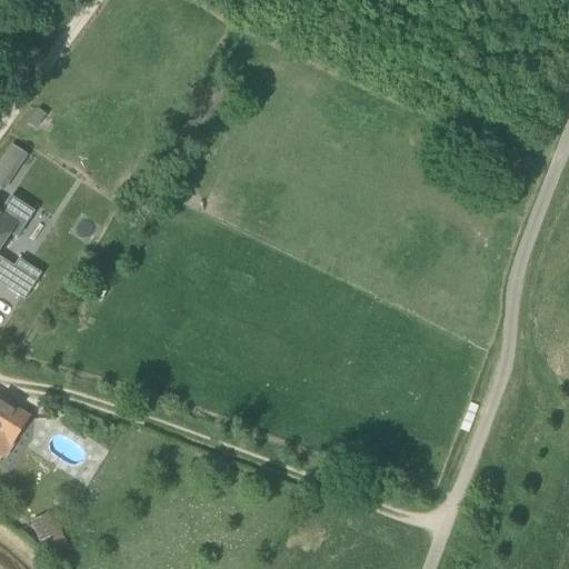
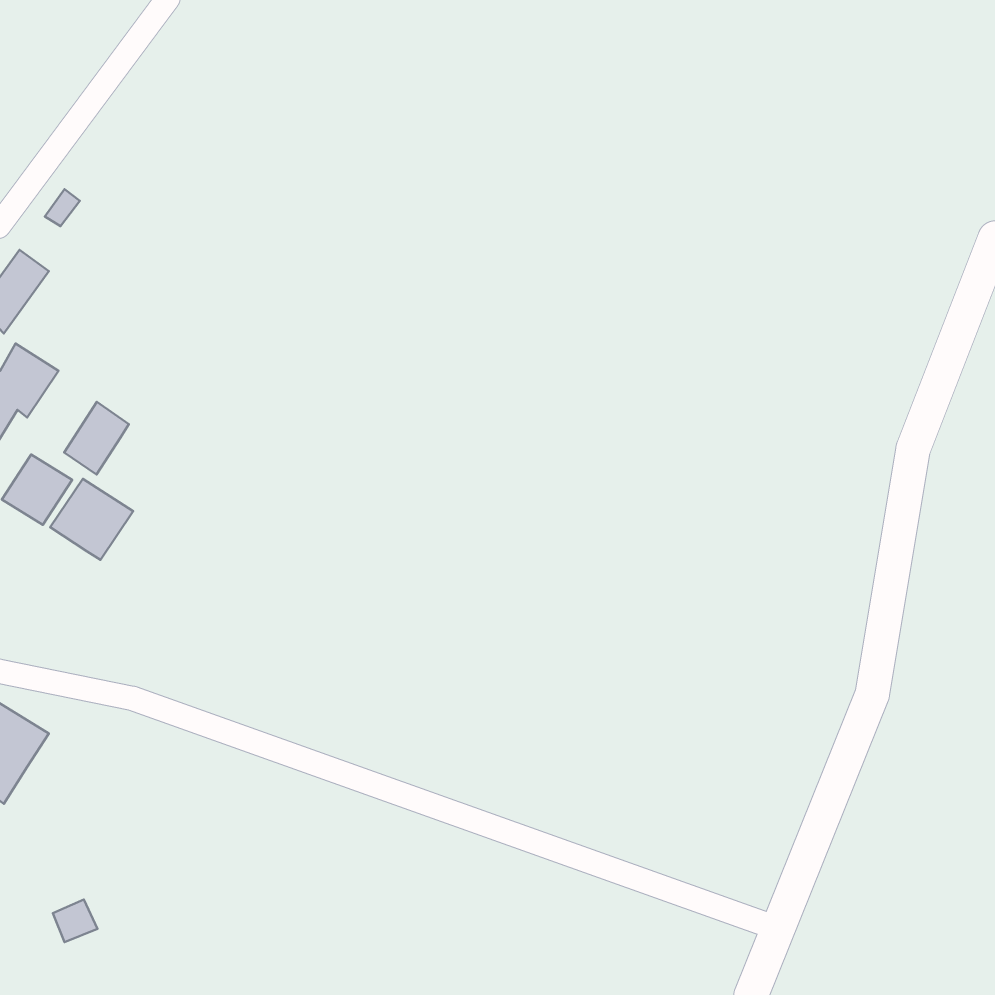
building: none -> [64,402,129,475]
building: none -> [50,479,133,560]

